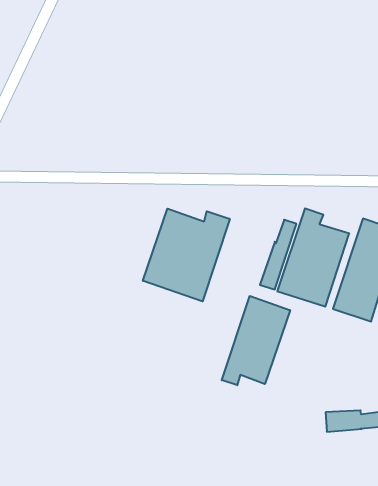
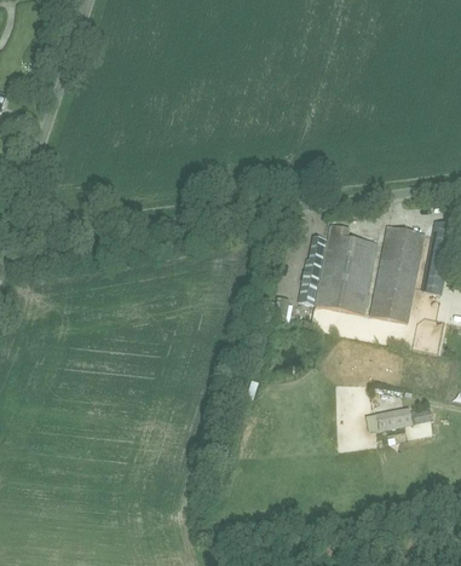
building: [143,209,230,301] -> none
building: [222,296,290,385] -> none

